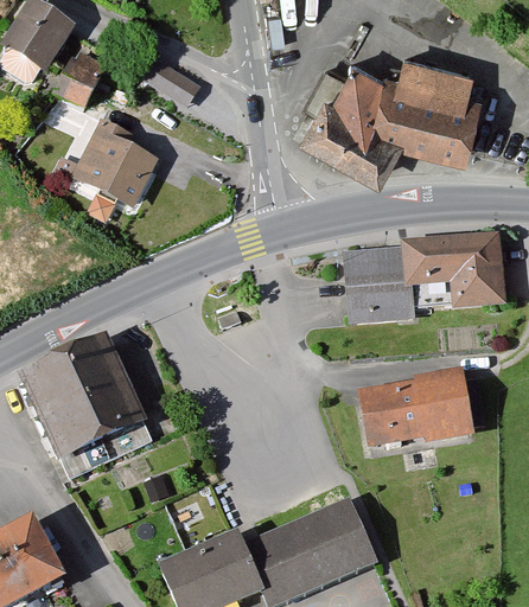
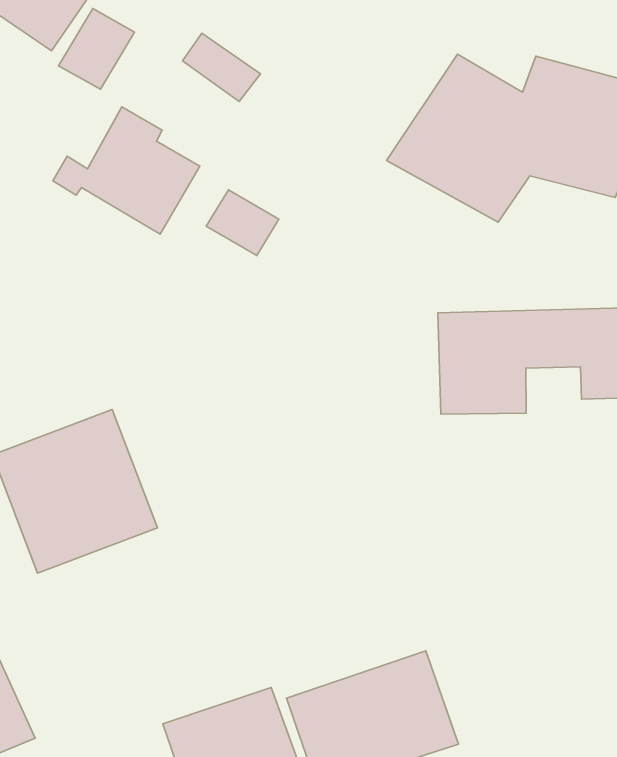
building: none -> [206,190,279,255]
building: [359,373,478,449] -> none

